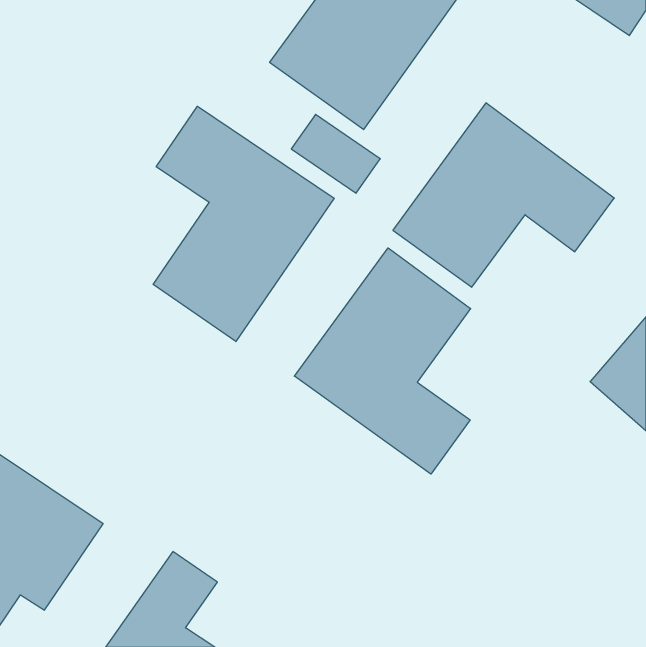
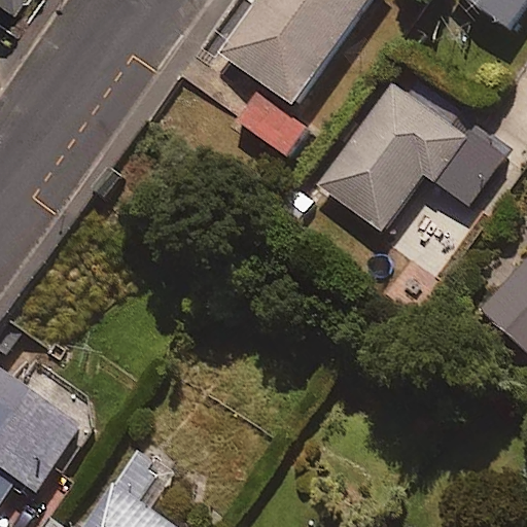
building: [153,106,334,342] -> none
building: [294,248,471,474] -> none

